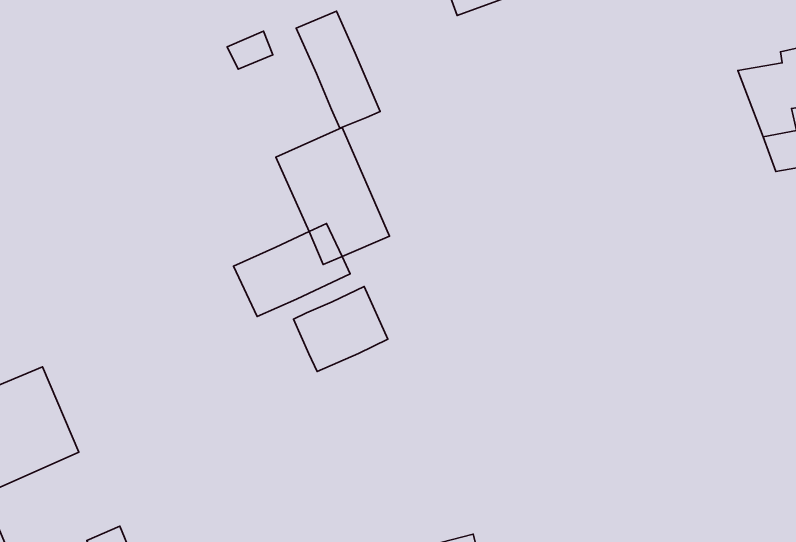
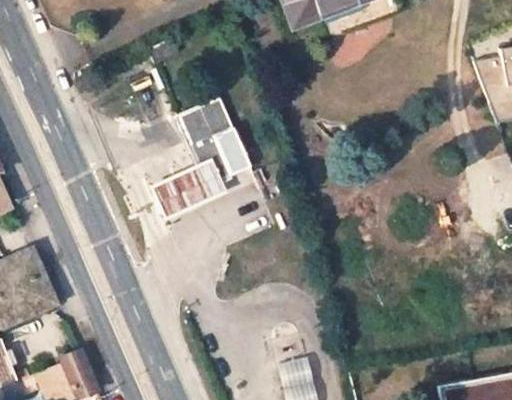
building: [296,11,380,128] -> none
building: [293,287,388,372] -> none

